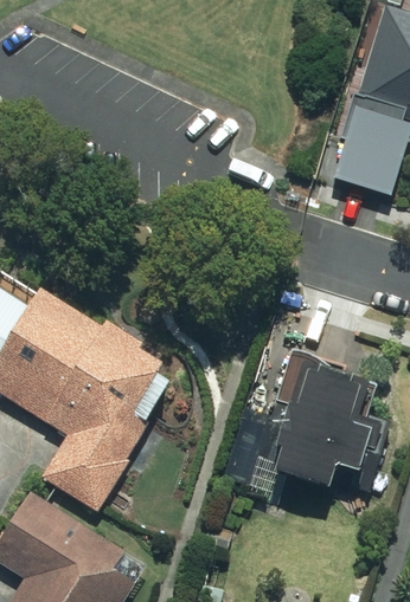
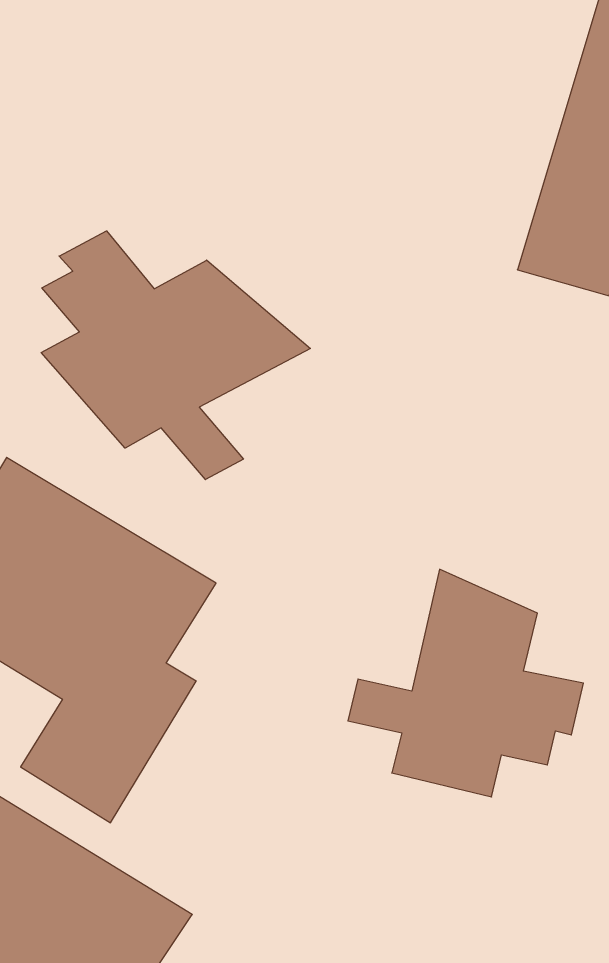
building: none -> [41,231,310,480]

